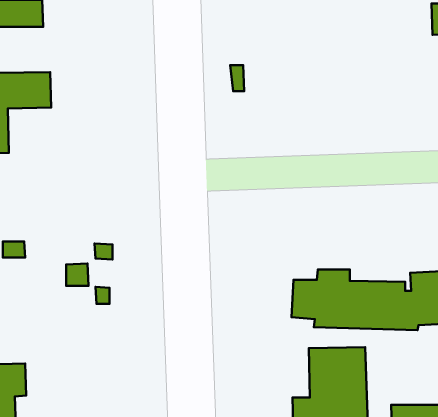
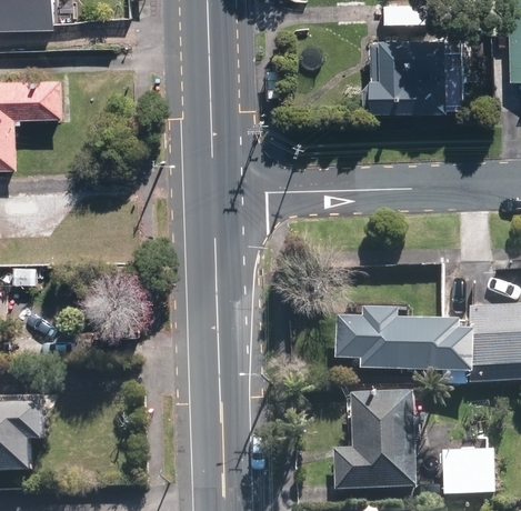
building: none -> [371,47,463,121]

